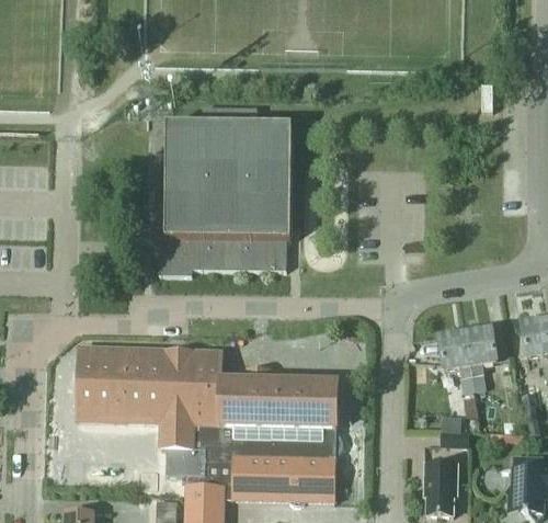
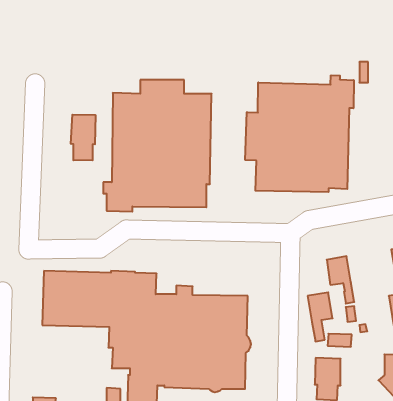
building: none -> [245,75,354,192]
building: none -> [71,115,95,160]
building: [464,327,495,389] -> [308,292,333,341]

